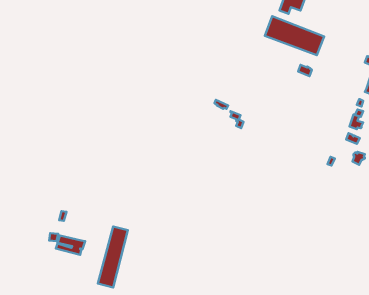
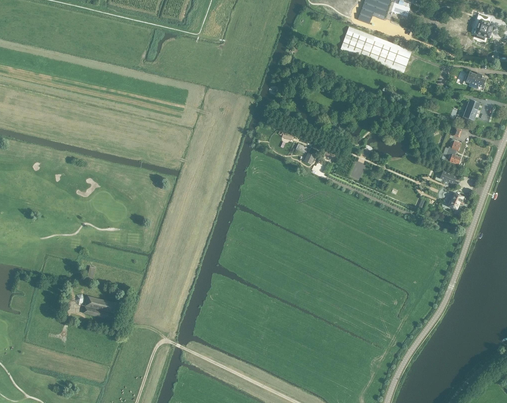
building: [98,227,128,288] -> none

